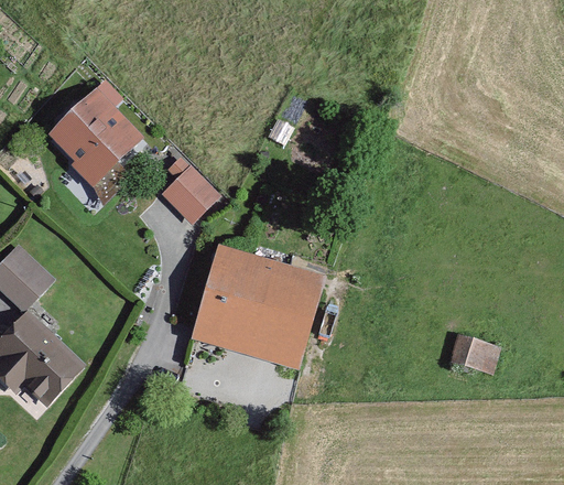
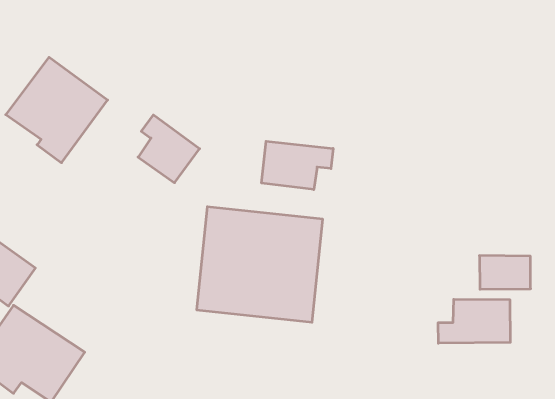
building: none -> [262,141,333,190]
building: none -> [438,299,510,343]

